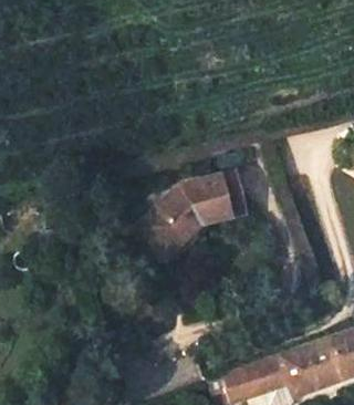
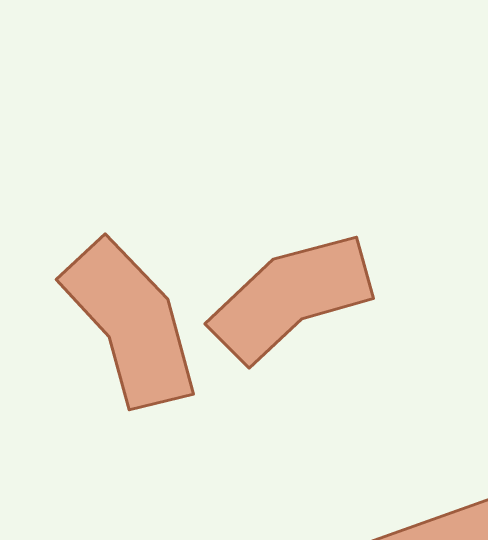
building: none -> [56,234,193,410]

